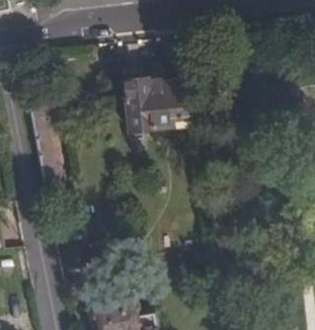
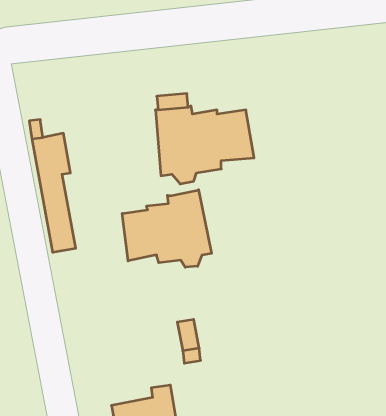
building: none -> [122,190,212,267]

